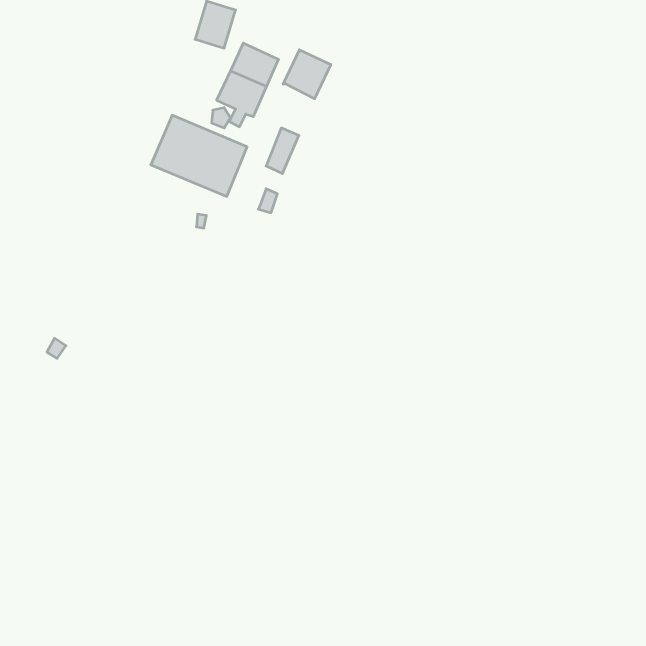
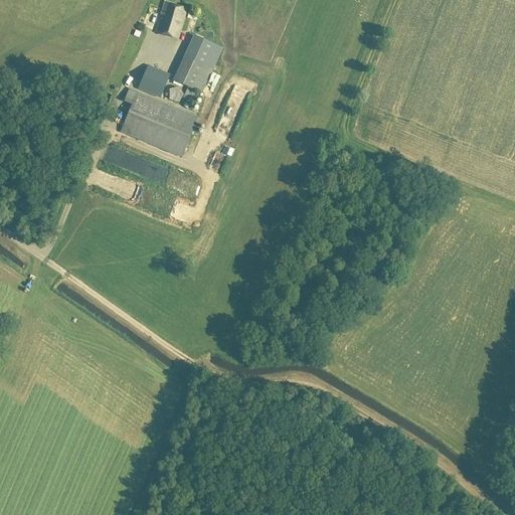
building: [283,50,331,99] -> none
building: none -> [138,64,168,97]

